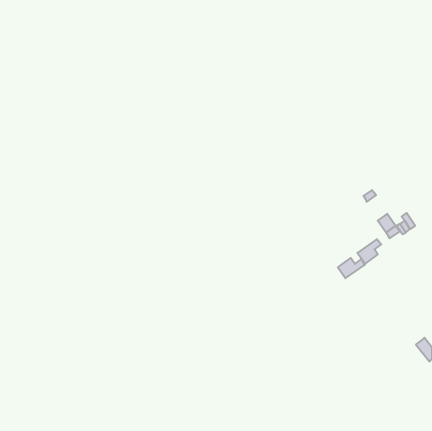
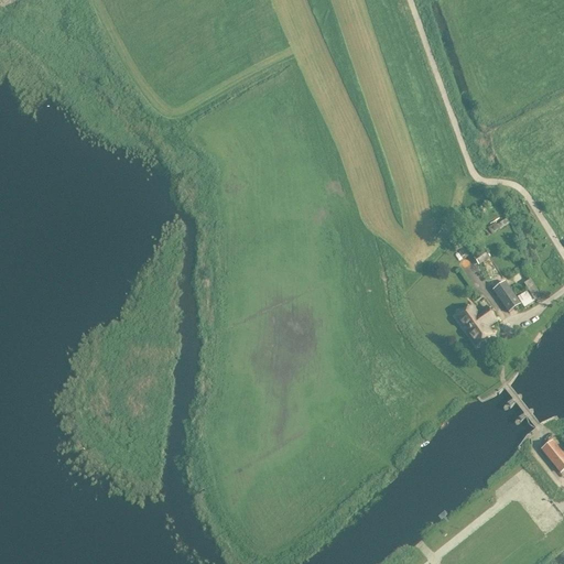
building: [338,258,365,278] -> [455,302,490,328]

